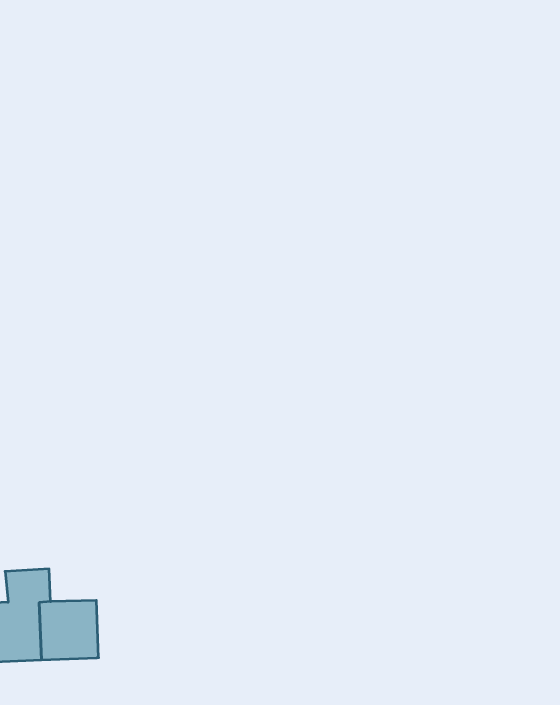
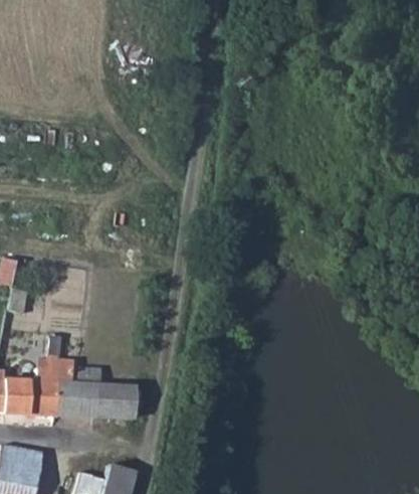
building: none -> [96,382,137,420]

